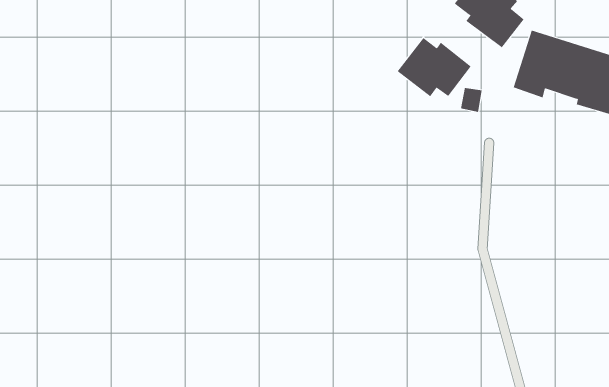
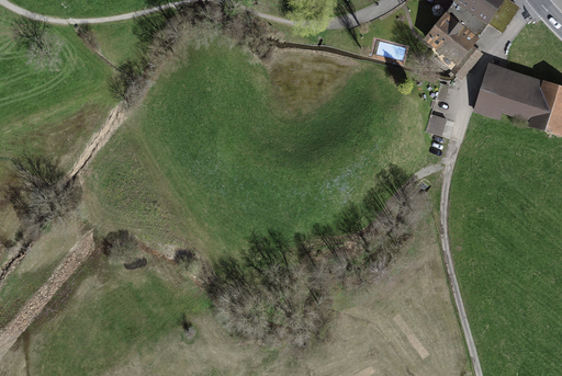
building: [397,37,472,97] -> none

